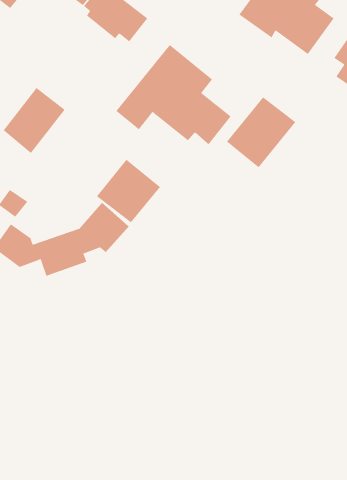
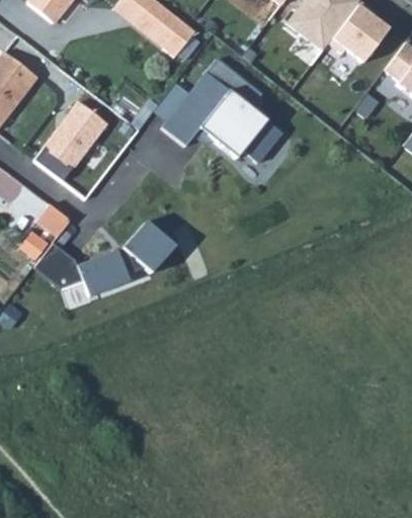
building: [226,97,296,168] -> none
building: [96,159,161,223] -> none

